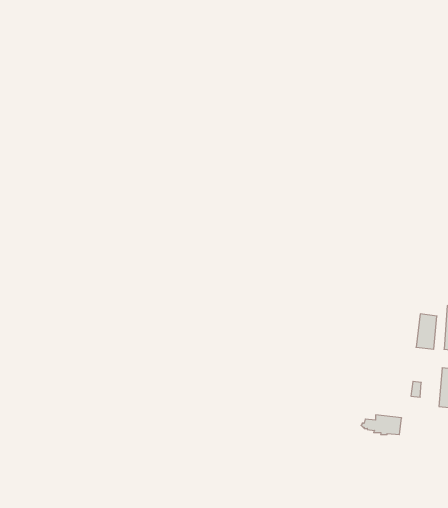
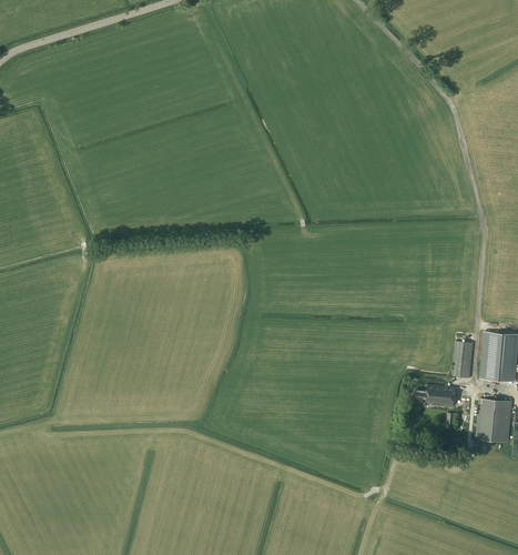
building: [361,415,402,435] -> [414,385,457,406]

